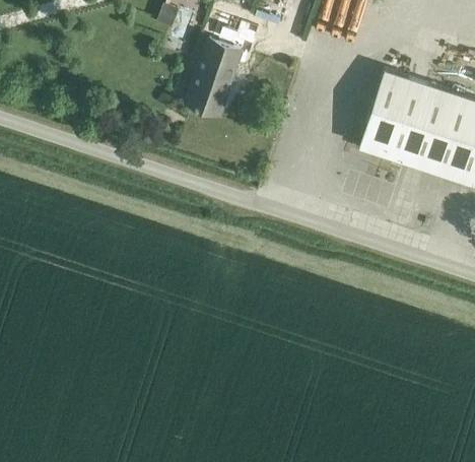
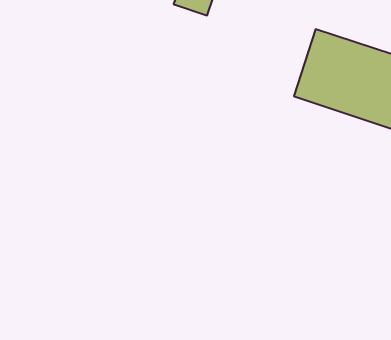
building: [188,43,249,117] -> none

